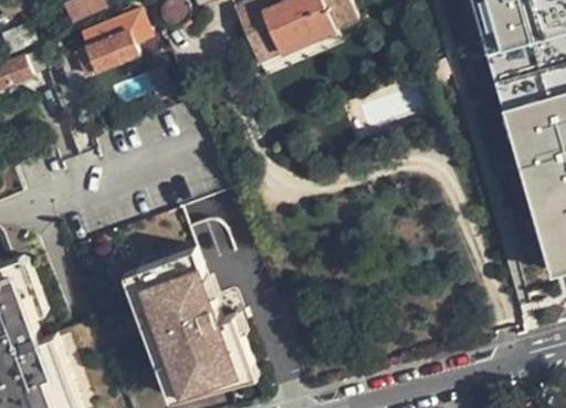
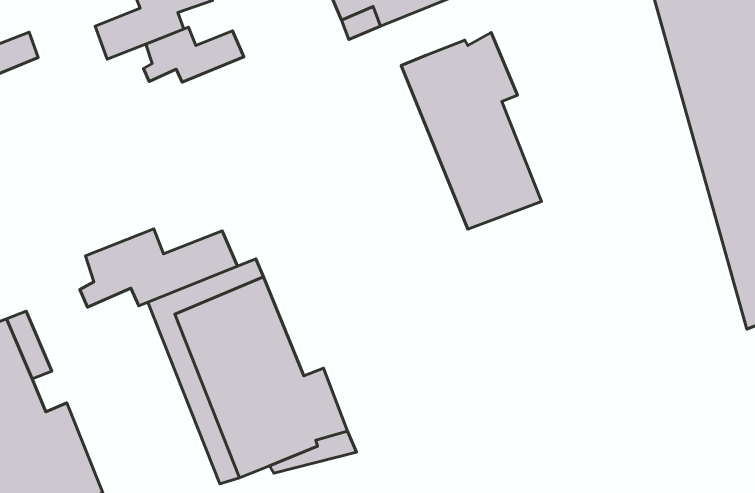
building: none -> [144,27,244,82]
building: none -> [401,33,541,229]
building: none -> [80,229,238,307]

